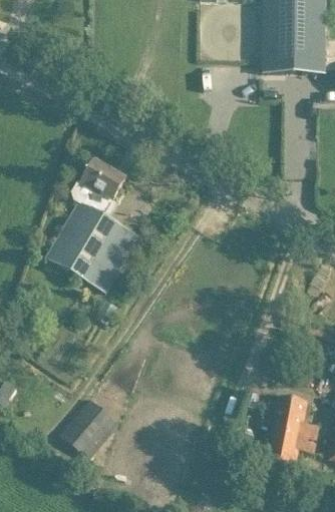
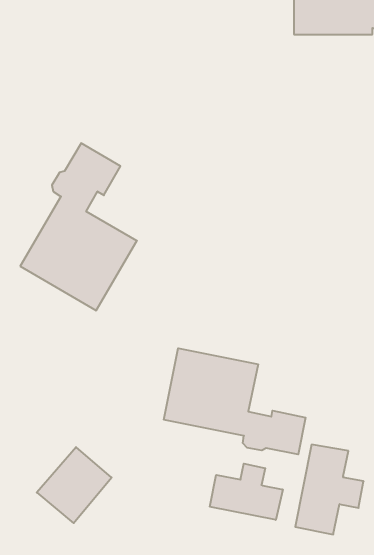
building: none -> [164,348,306,454]
building: none -> [210,464,283,520]

